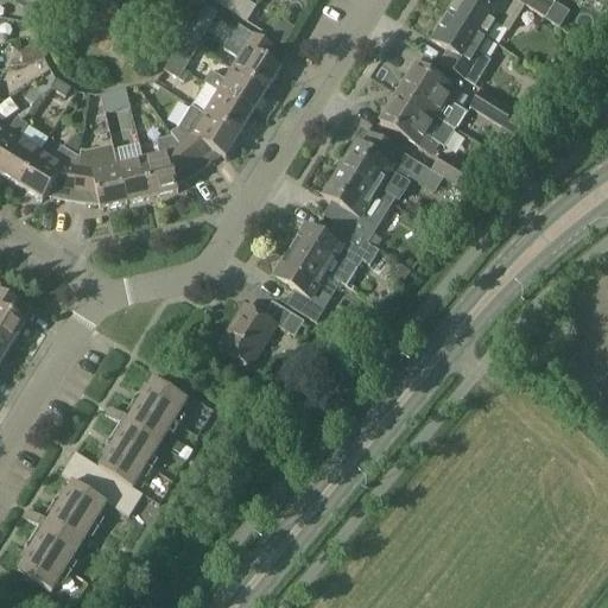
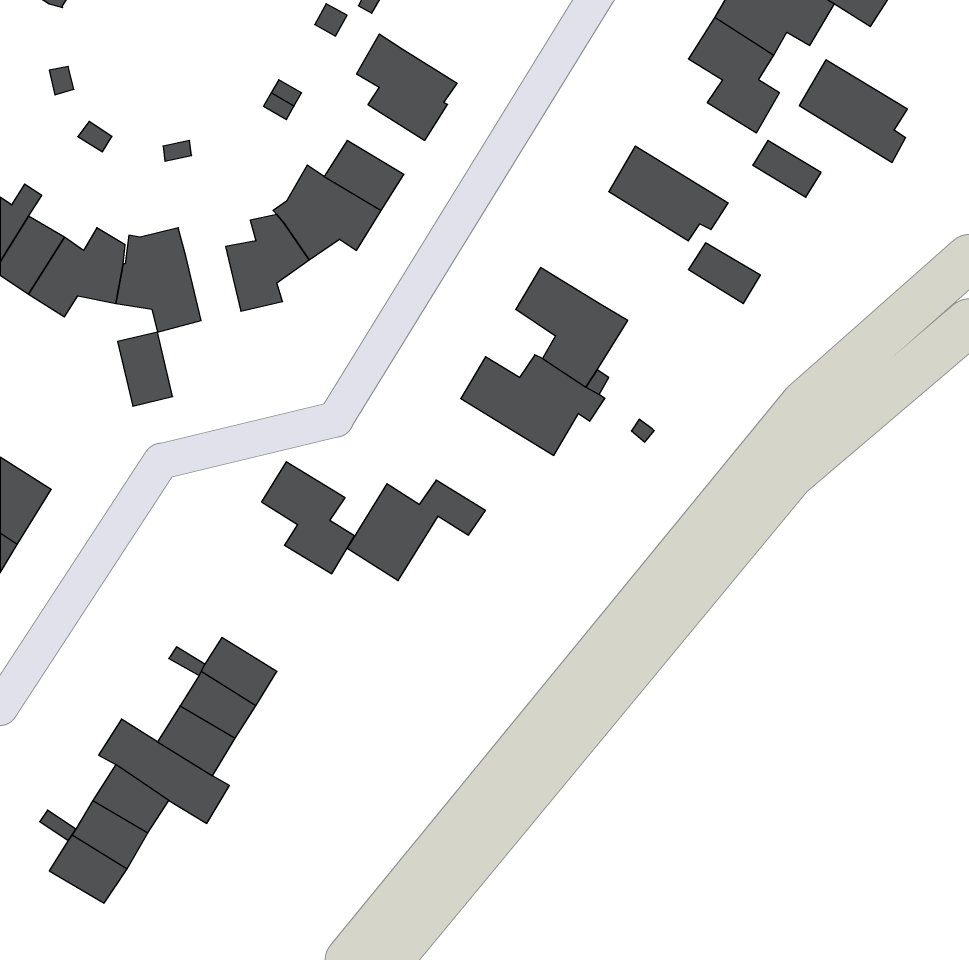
building: [398,63,466,127] -> [799,60,907,162]
building: [205,65,266,109] -> none
building: [338,132,417,201] -> none
building: [116,154,151,201] -> [118,332,173,406]
building: [273,249,331,319] -> [262,462,355,574]
building: [139,376,186,420] -> none
building: [17,545,65,589] -> none

